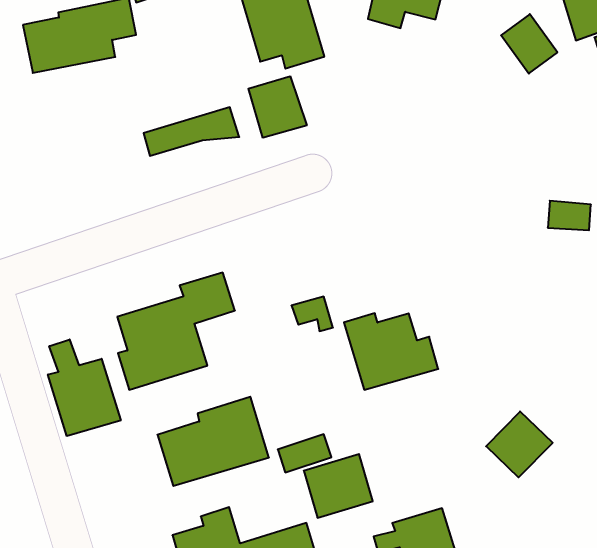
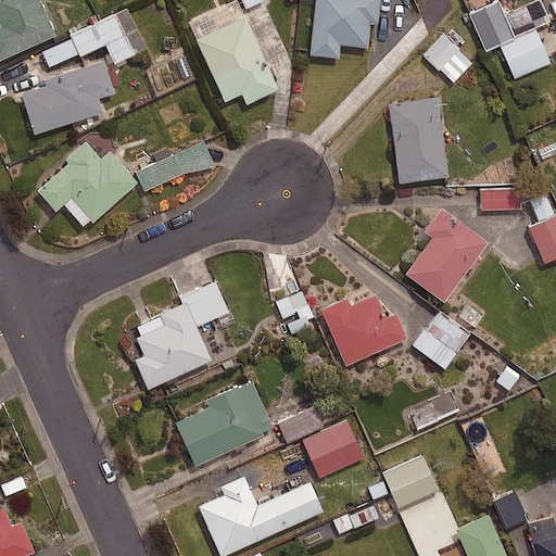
building: [248,76,307,138] -> none
building: none -> [389,99,446,182]
building: none -> [37,142,136,227]
building: none -> [405,208,486,302]
building: [48,339,121,436] -> none
building: [486,411,553,477] -> [413,313,468,368]

